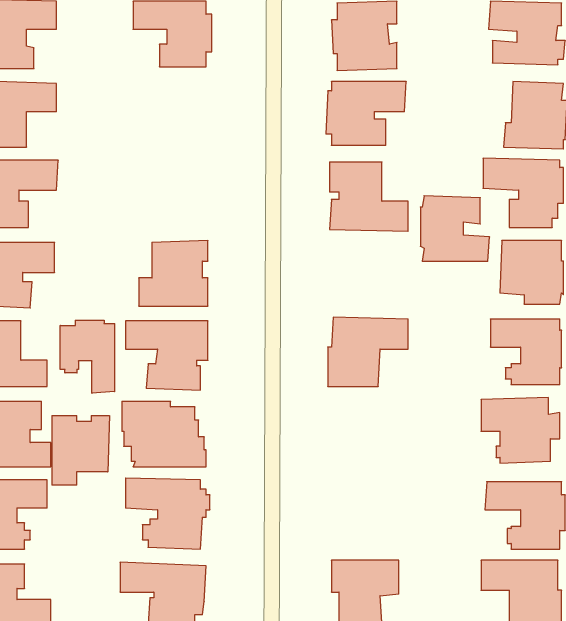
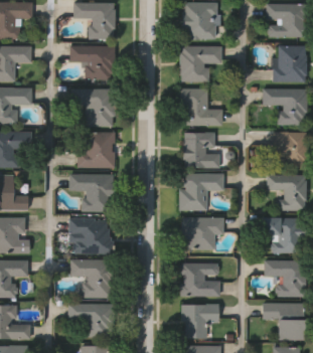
building: none -> [70,46,116,79]
building: none -> [72,90,117,128]
building: [420,196,490,261] -> [182,132,219,167]
building: [60,320,115,393] -> none
building: none -> [181,218,223,249]
building: [52,416,109,485] -> none
building: none -> [179,263,219,296]

